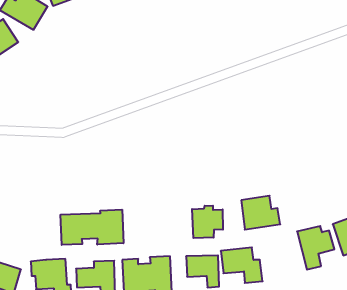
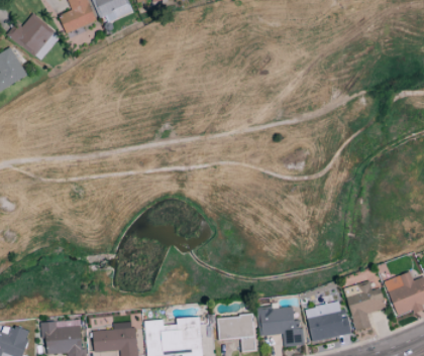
building: [241,196,280,230] -> [307,303,351,341]
building: [192,206,223,238] -> none
building: [61,210,123,245] -> none

